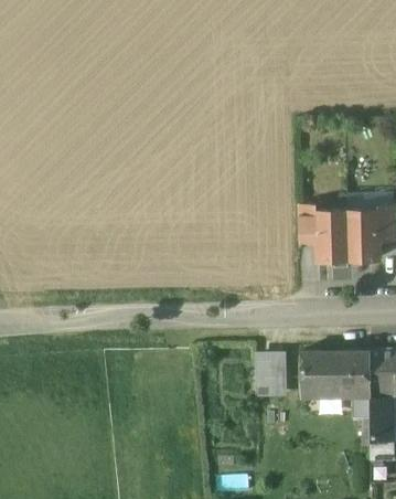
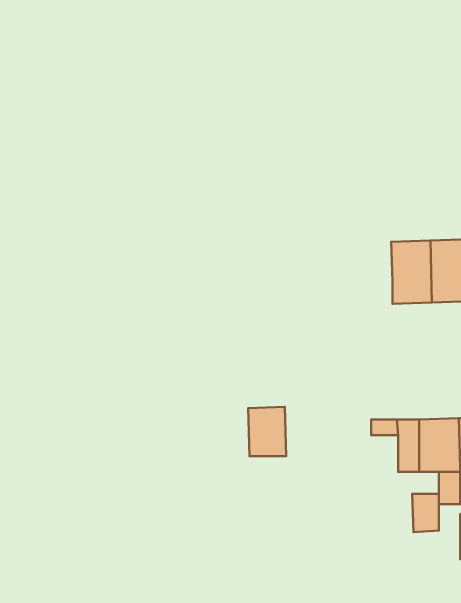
building: [297,204,317,243] -> none
building: [256,355,286,394] -> [248,407,286,456]
building: [300,363,321,393] -> [412,494,439,532]

